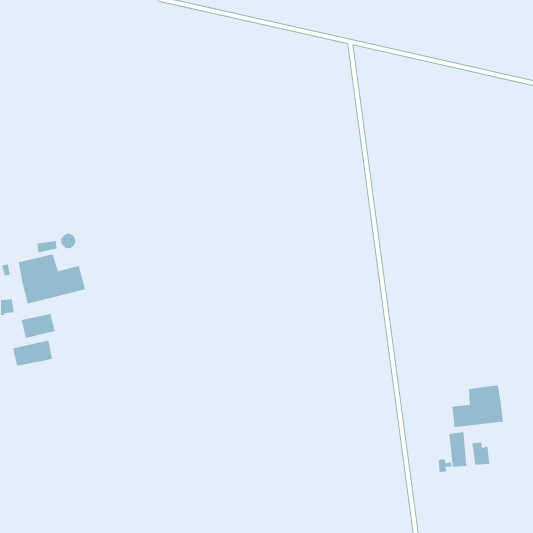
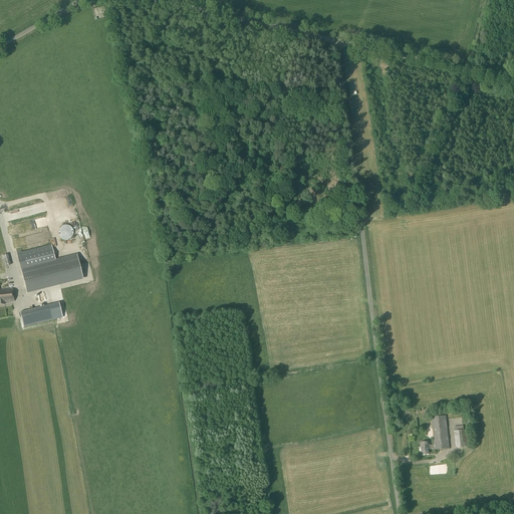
building: [12,340,52,366] -> none
building: [452,385,503,428] -> none

